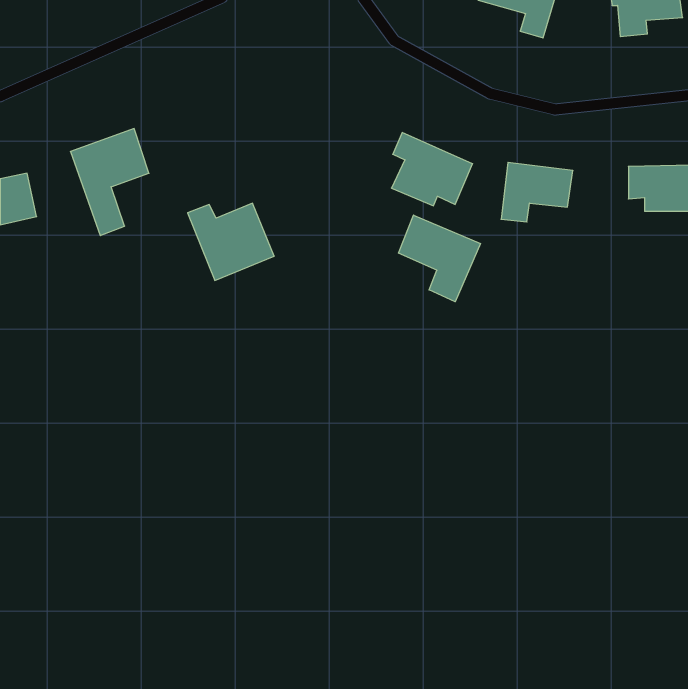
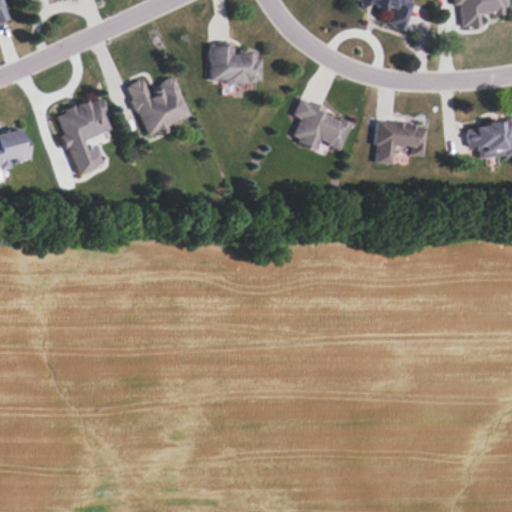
building: none -> [209,43,261,82]
building: [188,203,274,280] -> [126,77,190,134]
building: [398,215,480,302] -> none

